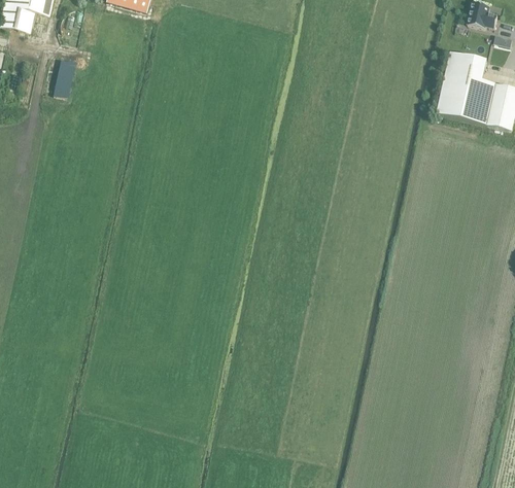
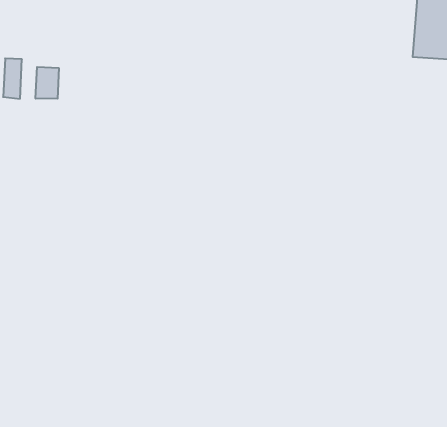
building: none -> [36,67,59,99]

